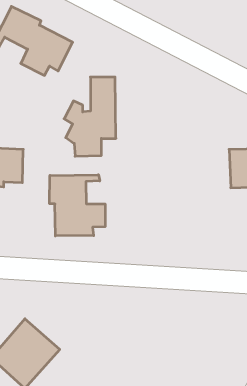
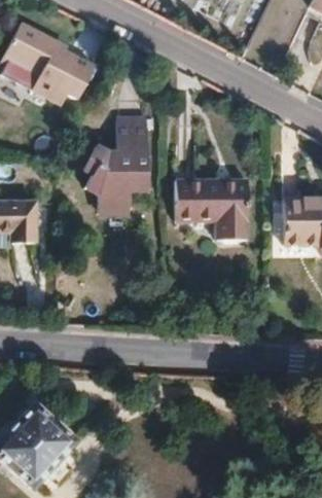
building: none -> [175,168,248,228]
building: [50,175,105,236] -> none

